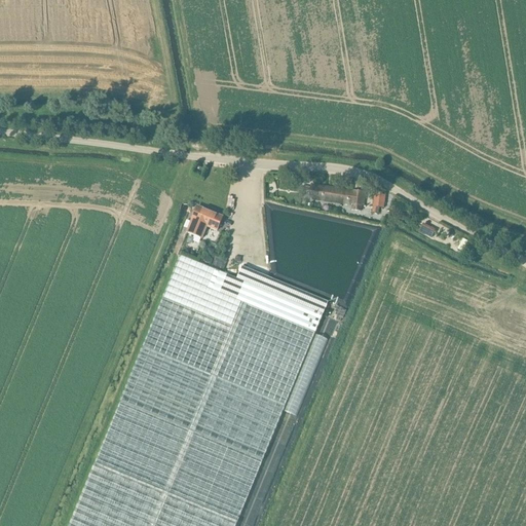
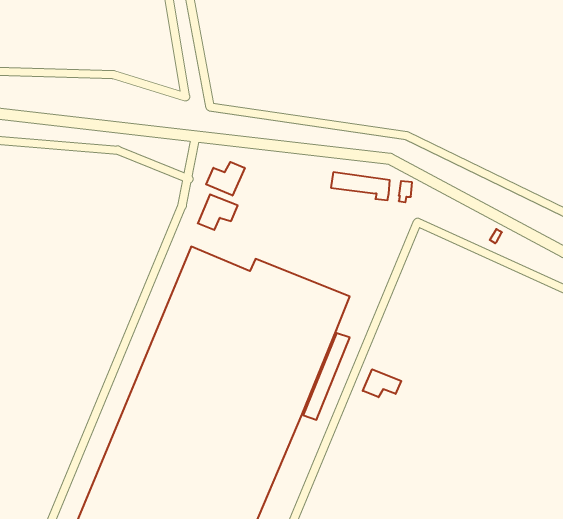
building: none -> [206,162,245,196]
building: none -> [363,369,401,397]

